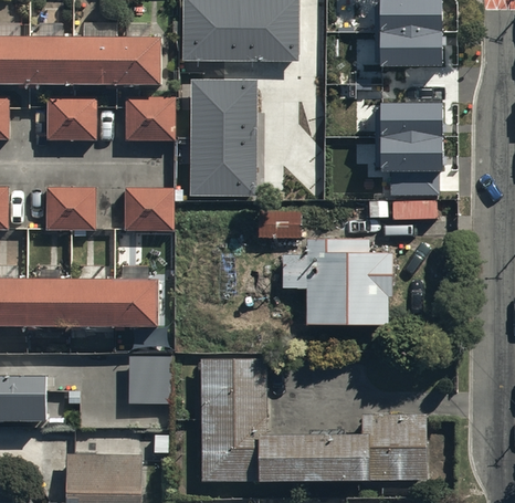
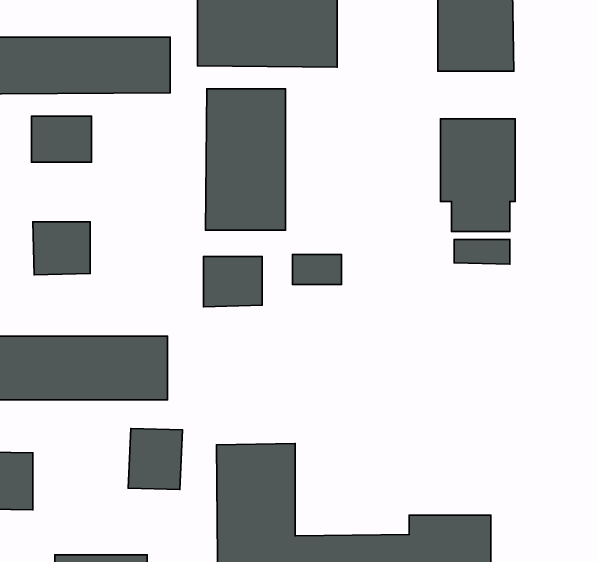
building: [128,99,174,138] -> none
building: [126,189,174,230] -> [204,256,262,307]
building: [283,243,386,327] -> none

